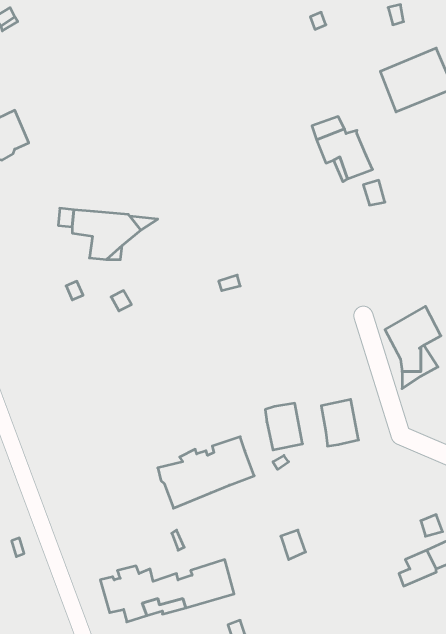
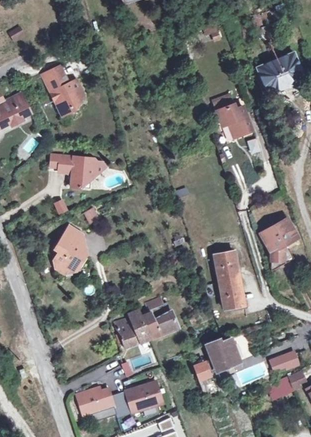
building: none -> [42,66,84,115]
building: none -> [53,225,86,273]
building: [265,403,303,450] -> [214,252,238,282]
building: none -> [206,337,239,369]

